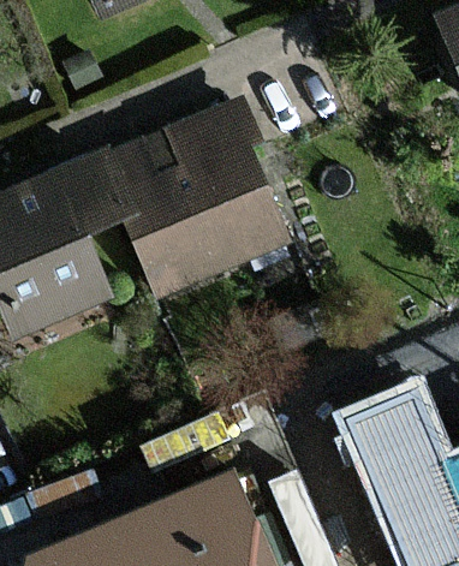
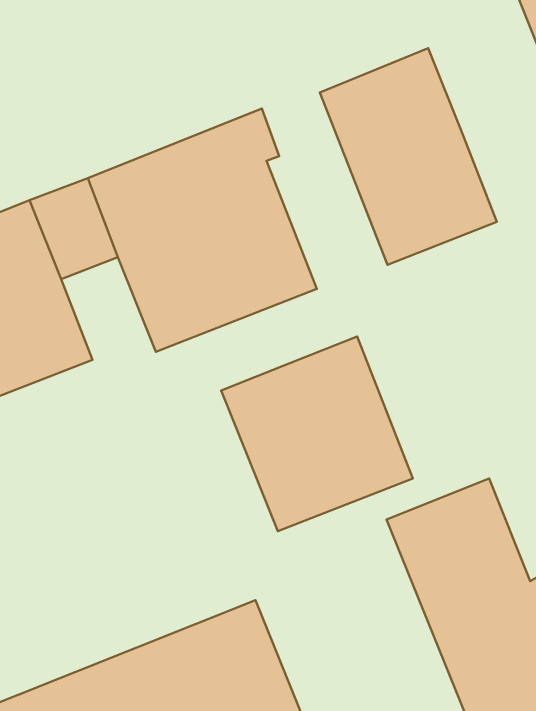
building: none -> [320,48,497,265]
building: none -> [221,337,413,531]

